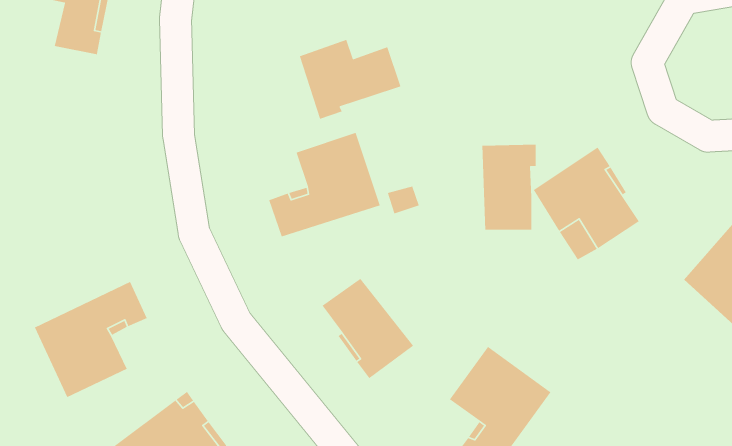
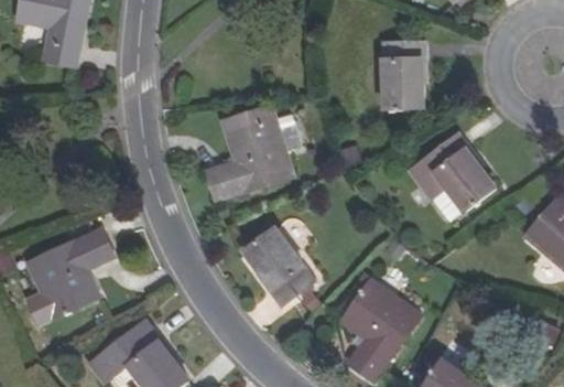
building: [299,39,402,120] -> none
building: [482,144,536,231] -> [386,41,427,107]

